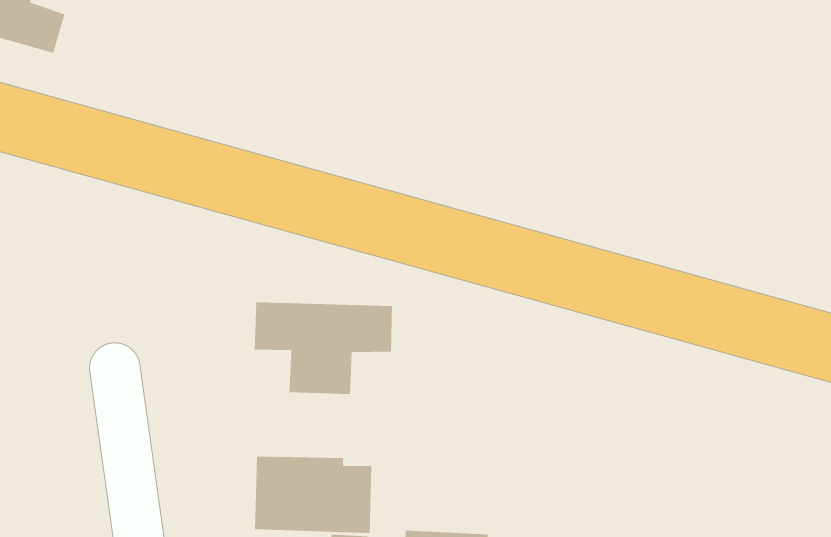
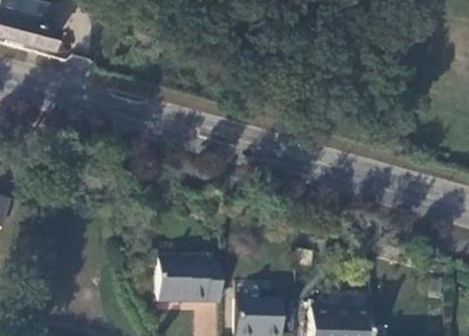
building: [254,302,393,395] -> none

